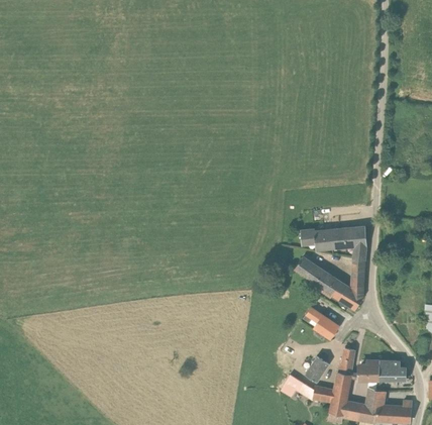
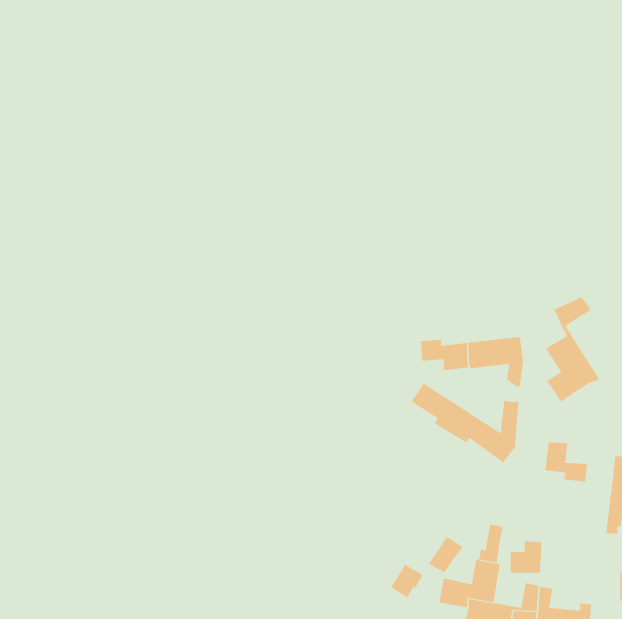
building: none -> [545,296,600,402]
building: none -> [545,441,587,483]
building: [303,307,339,338] -> none
building: [379,360,406,380] -> none

